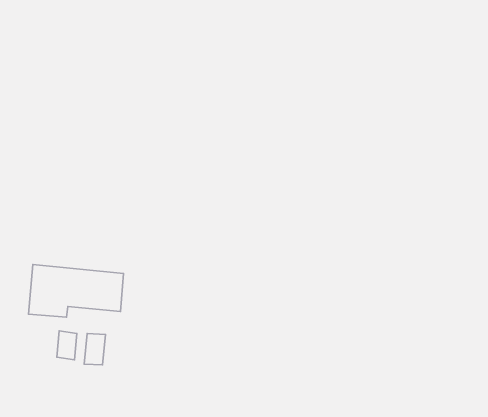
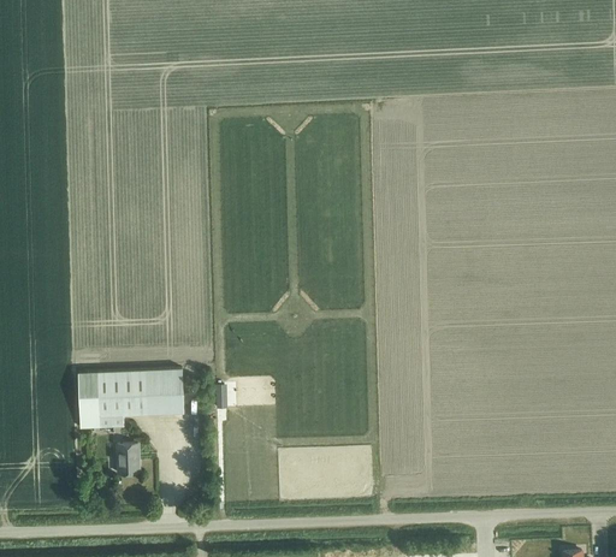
building: [84,334,105,365] -> none

